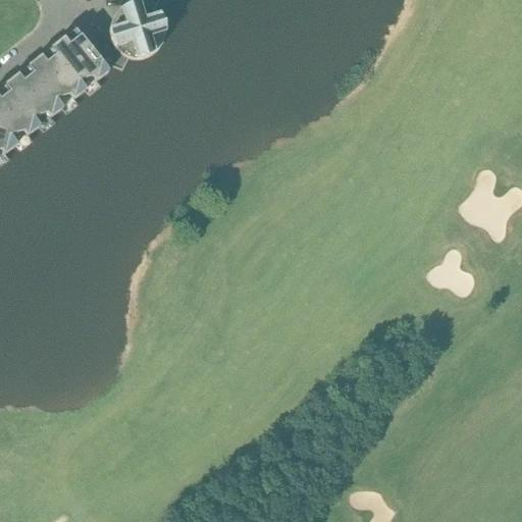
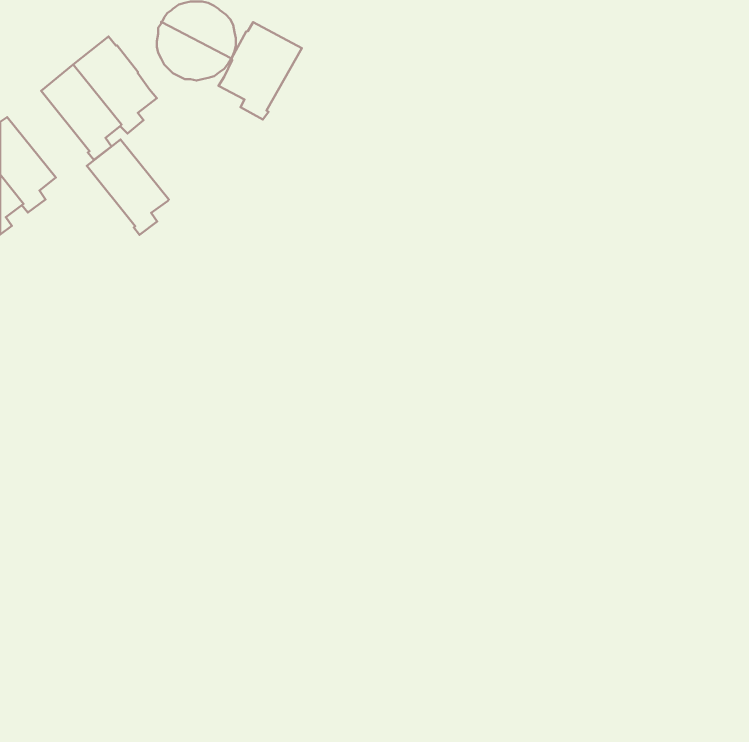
building: none -> [219,22,302,119]
building: [5,63,62,129] -> [87,139,169,235]

